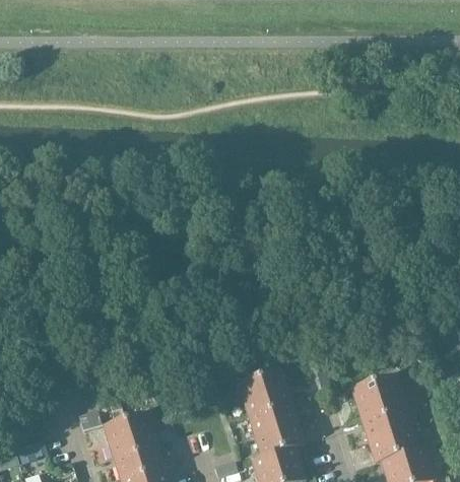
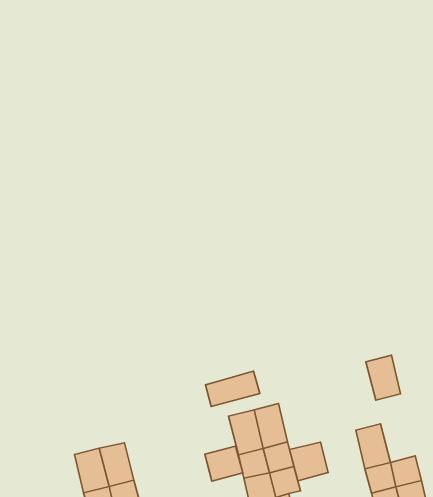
building: none -> [205,371,260,406]
building: [371,376,403,417] -> [366,355,400,400]
building: none -> [290,442,328,481]
building: none -> [205,446,243,481]

